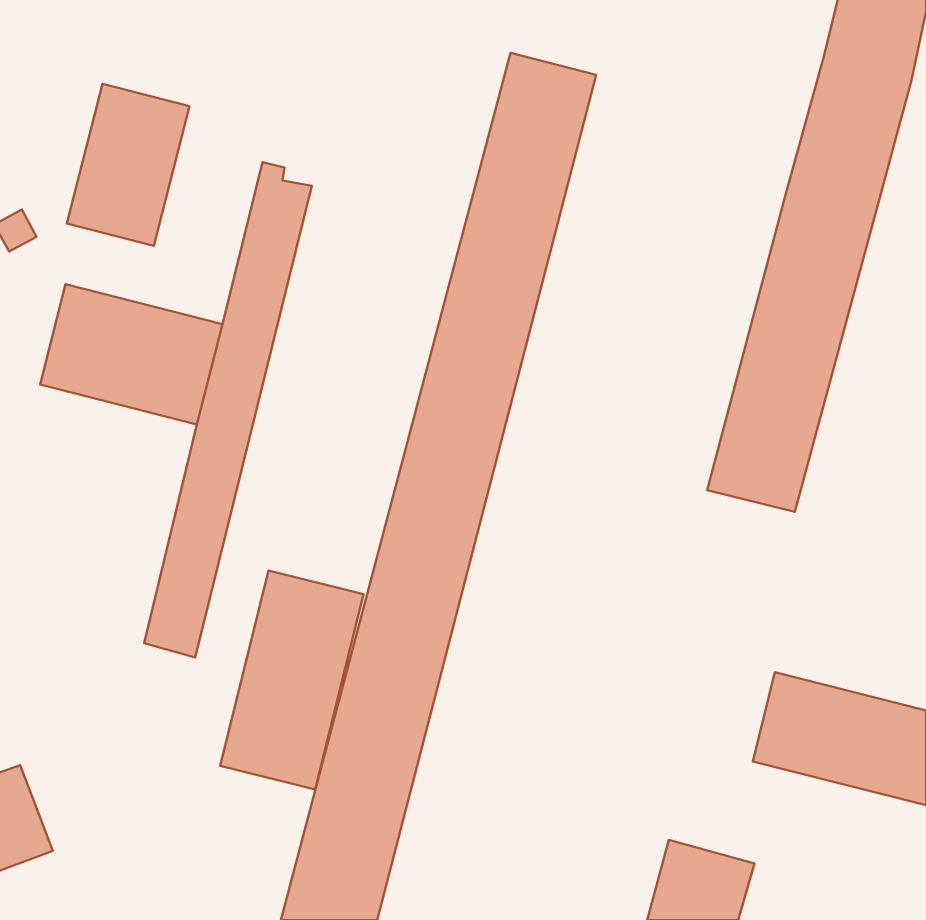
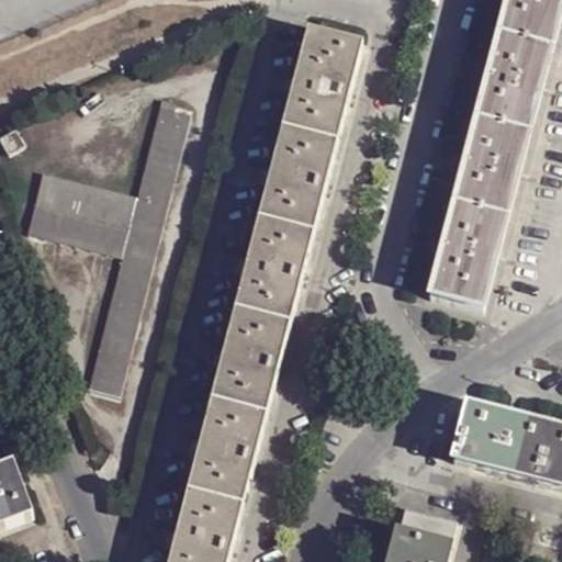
building: [67,84,190,246] -> none
building: [220,570,364,790] -> none

